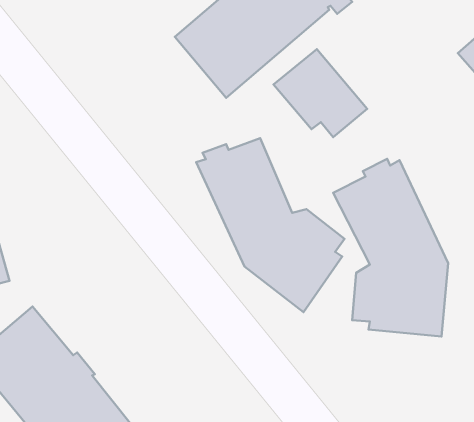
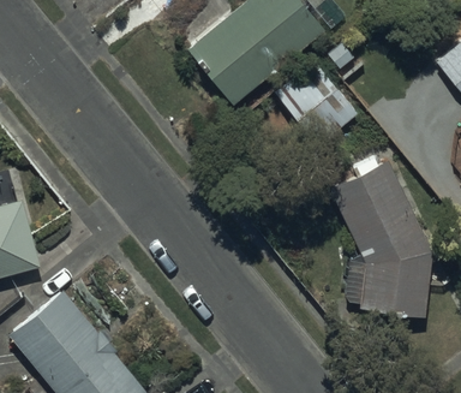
building: [196,138,345,312] -> none

